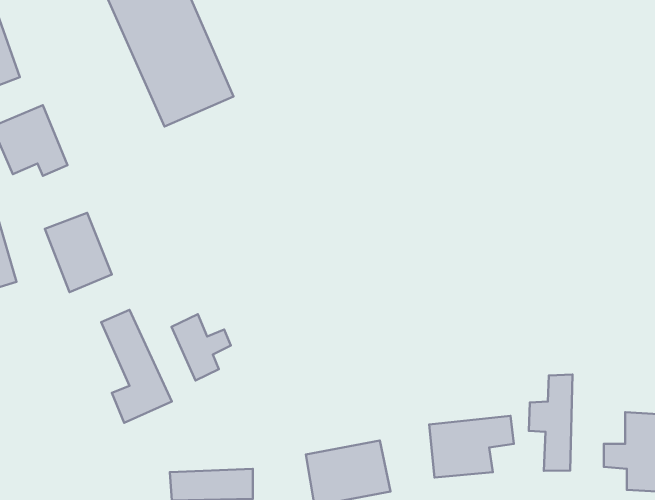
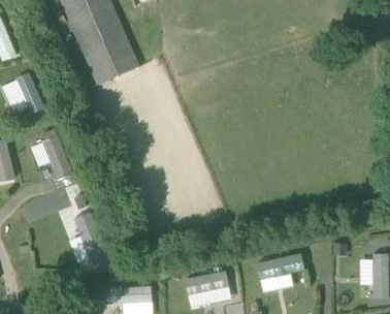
building: [171,314,231,381] -> none
building: [529,375,572,471] -> none

